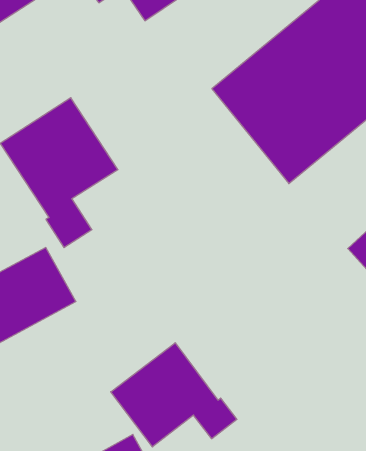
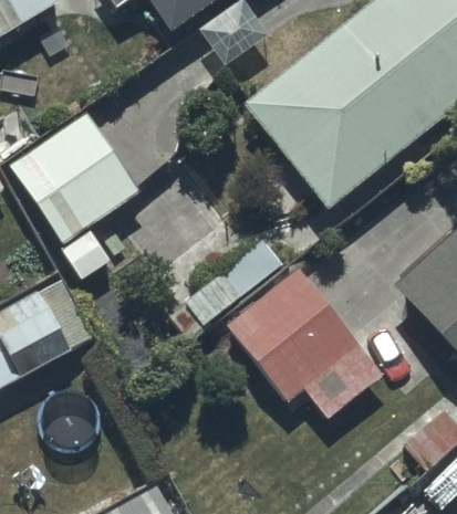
building: none -> [228,269,380,417]
building: [111,343,237,447] -> none

